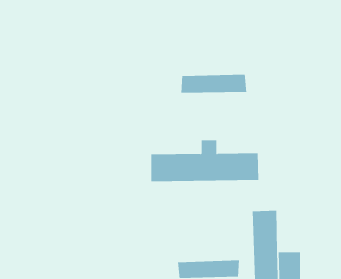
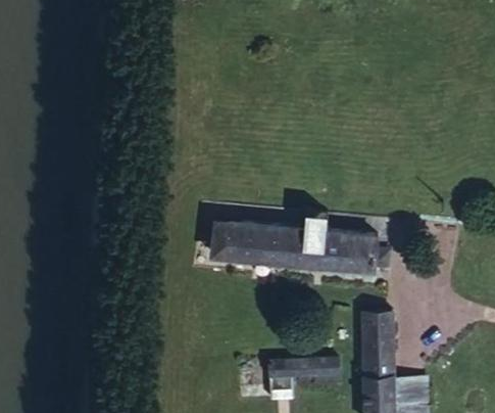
building: [181,74,247,94] -> none
building: none -> [208,230,235,265]

